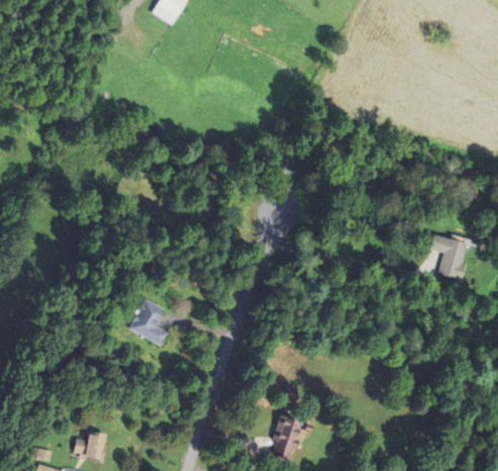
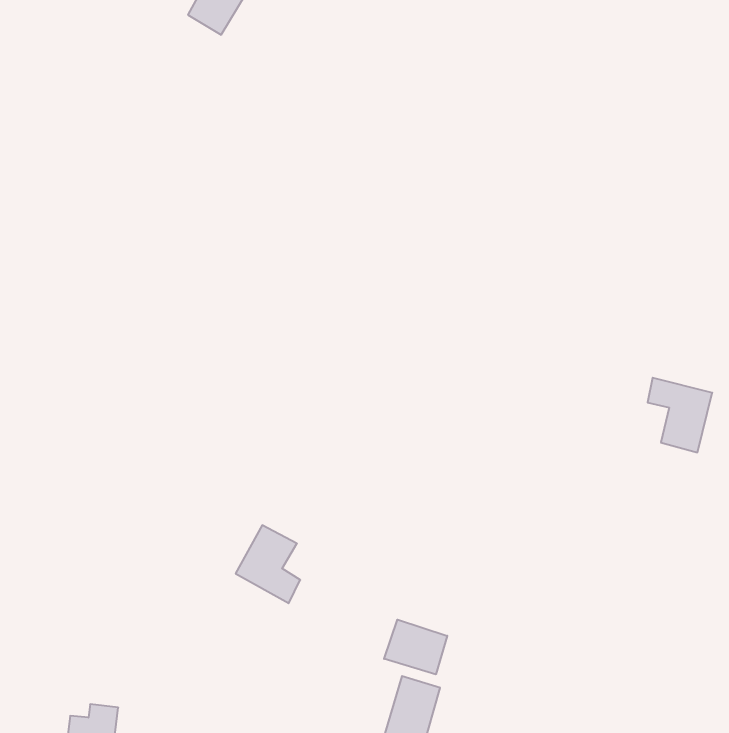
building: [129,299,168,347] -> [236,525,300,603]
building: none -> [384,620,447,674]

